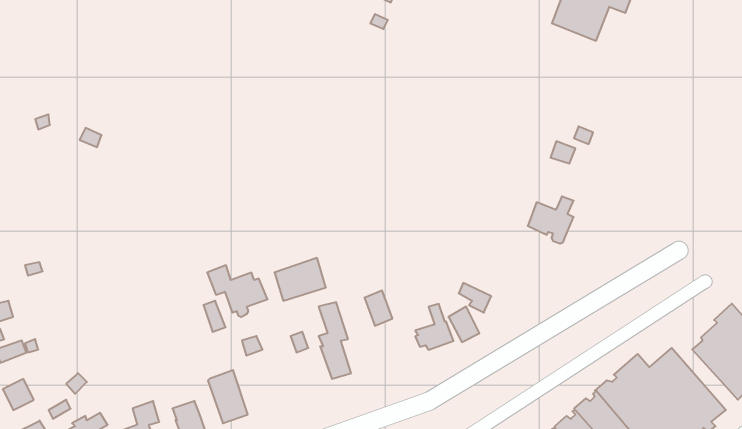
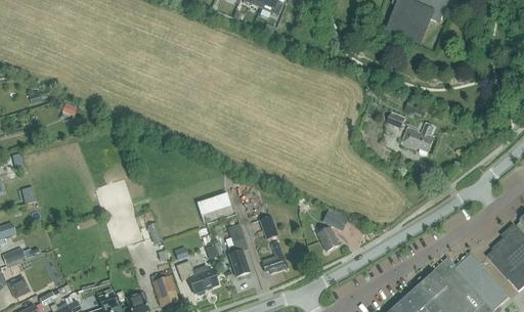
building: [528,196,574,244] -> [402,122,434,154]
building: [207,265,268,317] -> [176,259,218,295]
building: [415,304,454,350] -> [262,240,289,272]

